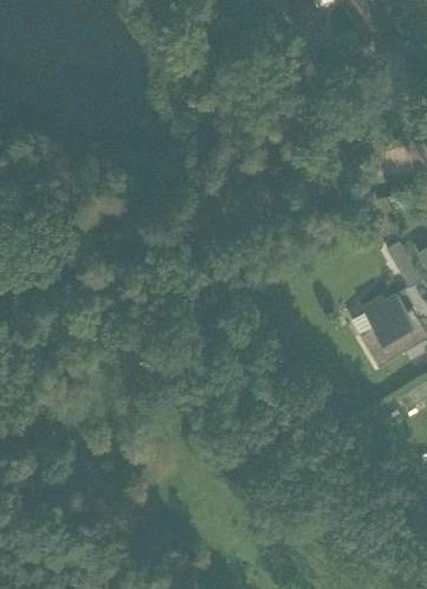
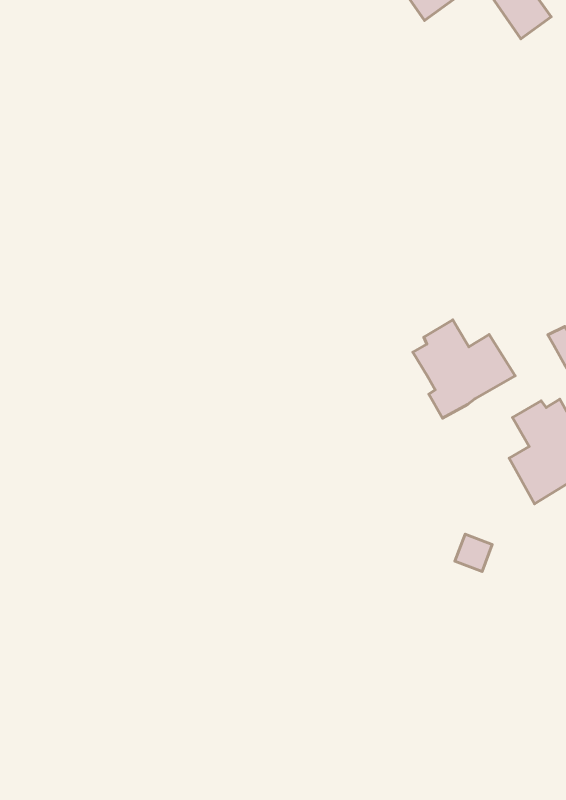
building: none -> [413,320,515,418]

